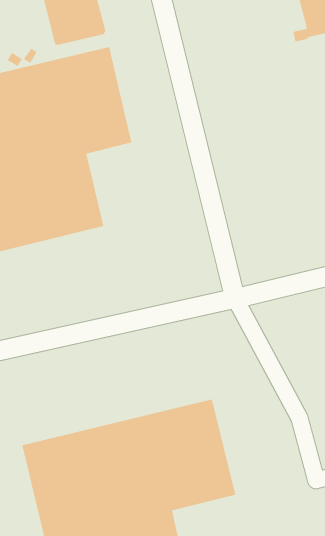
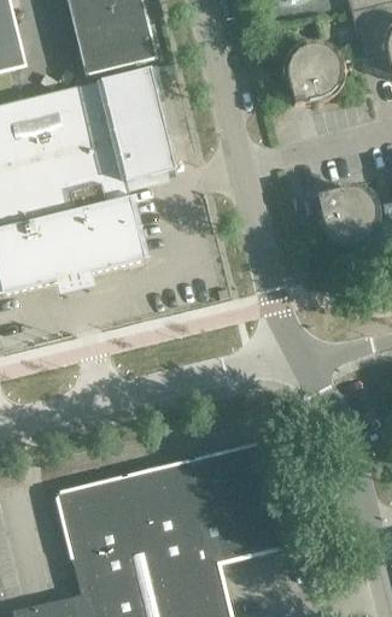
building: none -> [286,46,339,105]
building: none -> [315,188,374,241]

